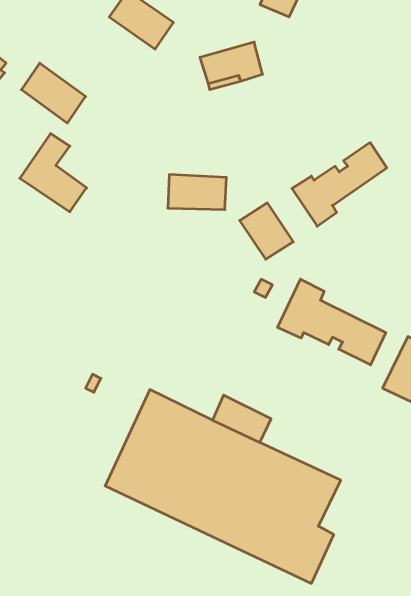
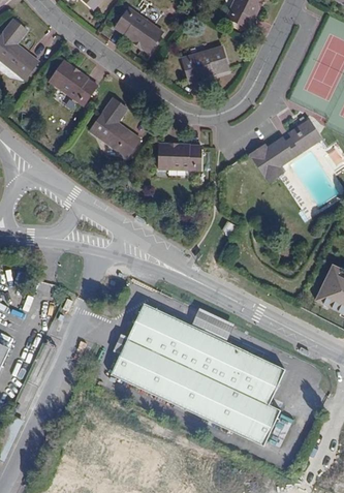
building: [20,134,87,212] -> [90,98,139,156]
building: [240,203,293,259] -> none
building: [278,279,386,365] -> none

